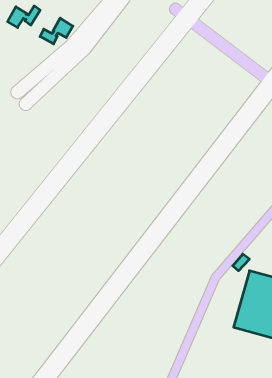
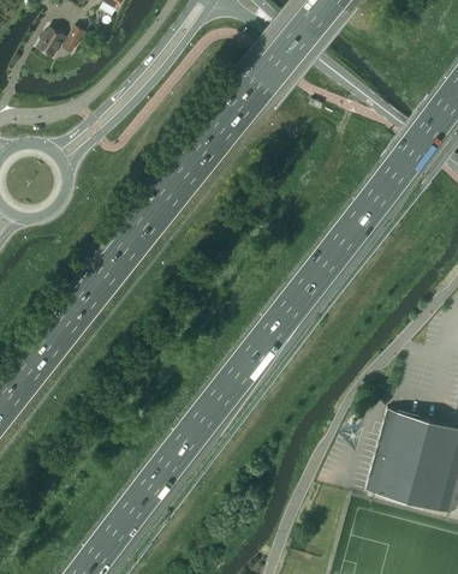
building: [40,18,73,44] -> none

